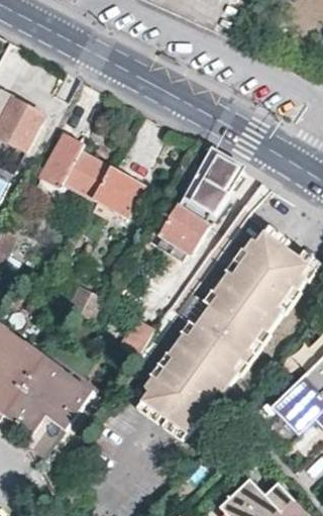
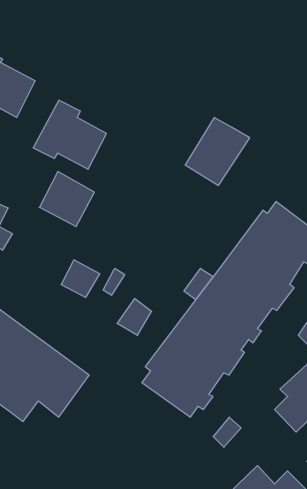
building: [92,166,143,217] -> [39,172,94,227]
building: [158,206,209,254] -> none

